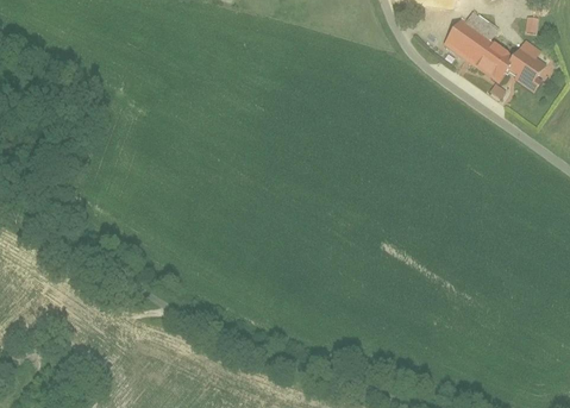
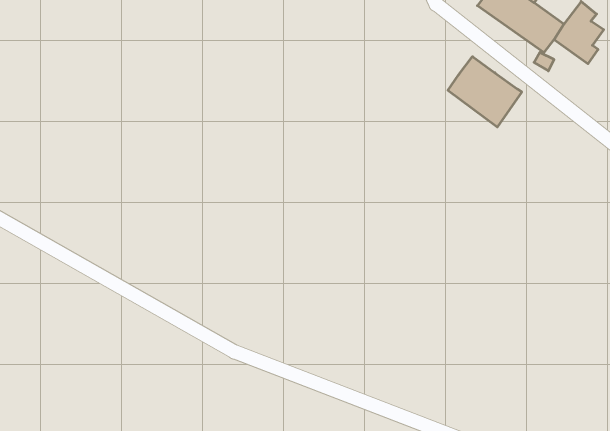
building: none -> [448,57,522,127]

